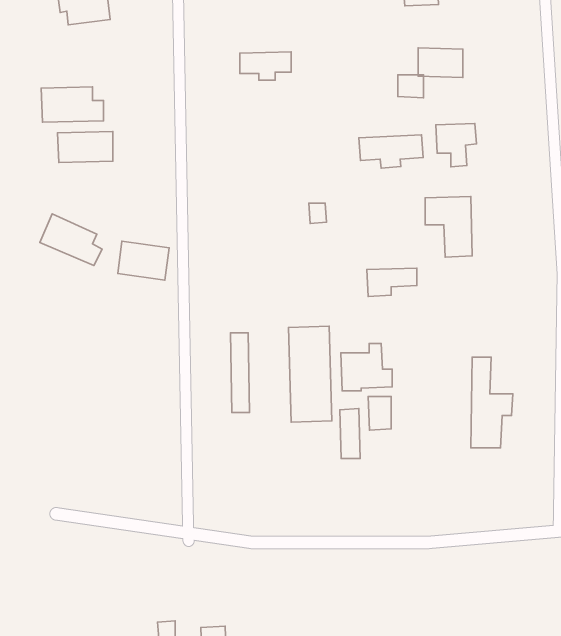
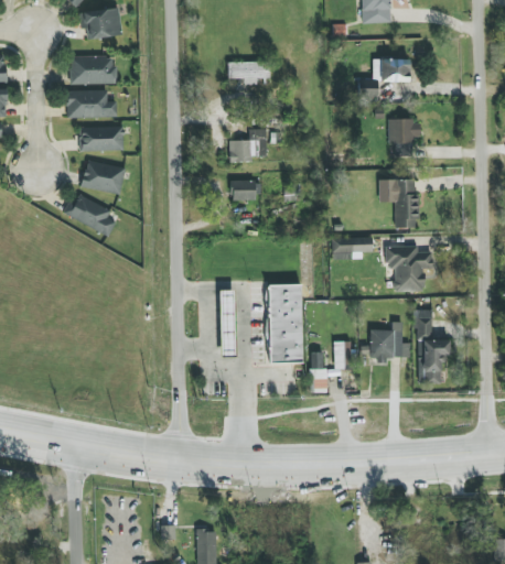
building: none -> [71,55,116,84]
building: [359,135,423,168] -> none
building: none -> [229,129,267,161]
building: none -> [232,181,262,198]
building: [118,241,169,280] -> [83,161,125,193]
building: none -> [386,246,433,291]
building: [341,343,392,391] -> [369,322,411,360]

